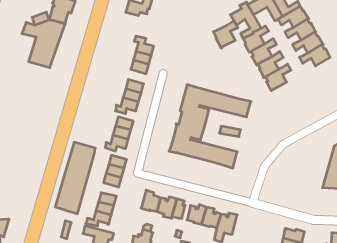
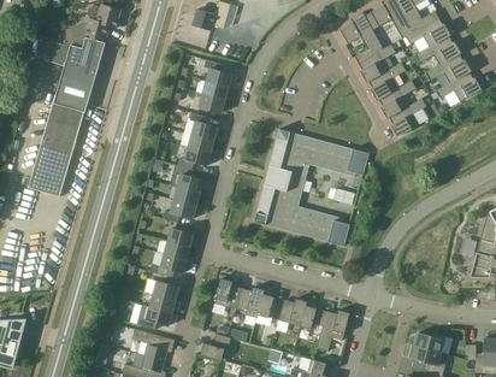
building: [213,21,238,48] -> none
building: [55,142,95,214] -> [28,95,84,196]

